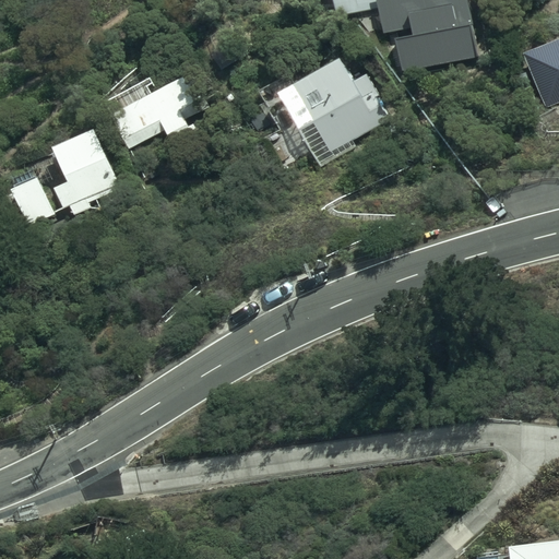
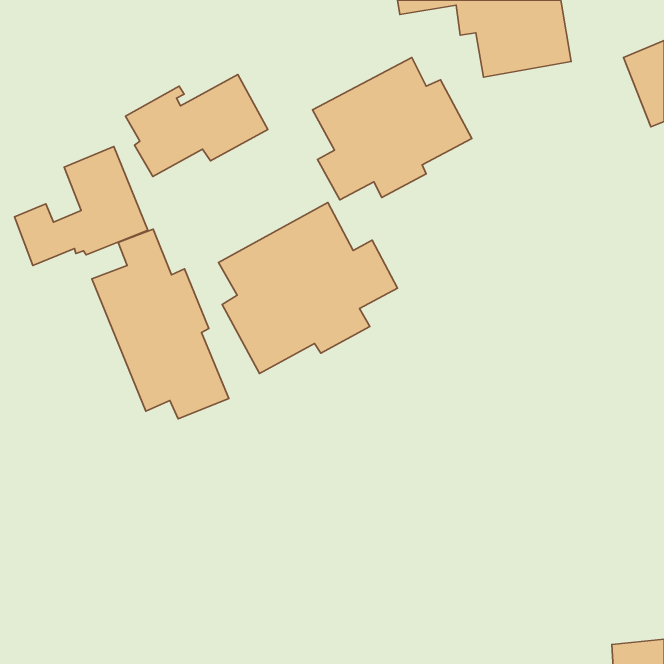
building: none -> [218,202,397,373]
building: none -> [92,229,229,419]

